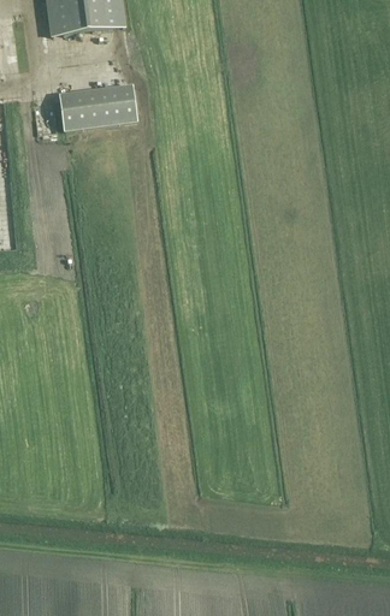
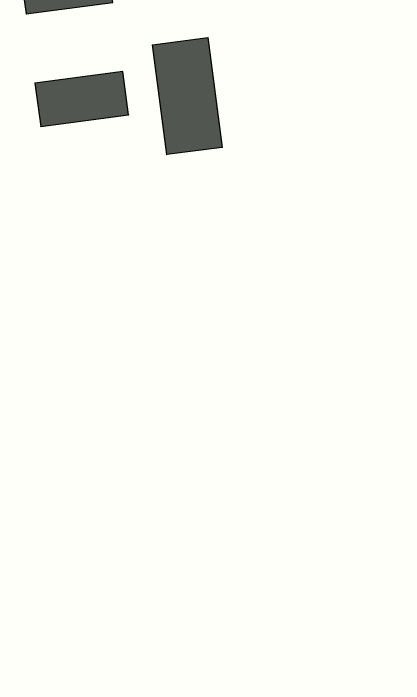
building: none -> [152,38,222,155]

